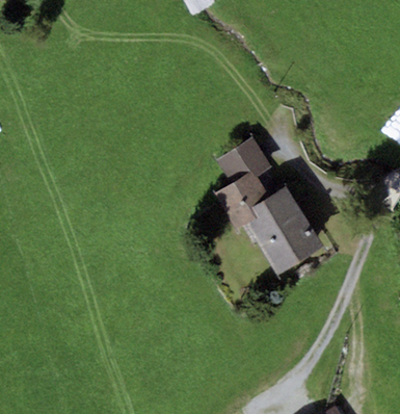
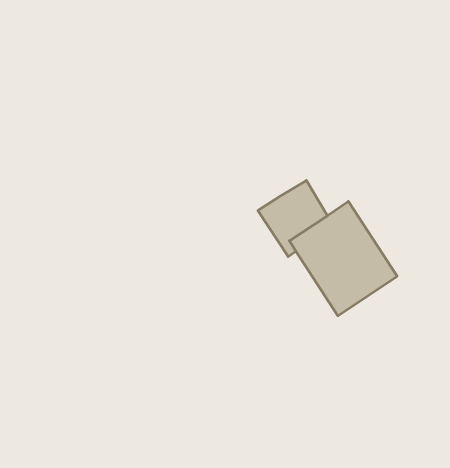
building: [217,136,271,182] -> none

